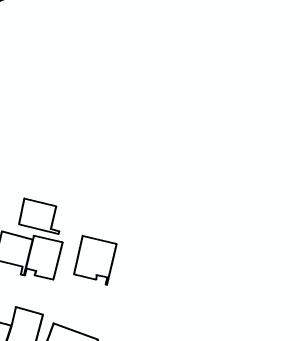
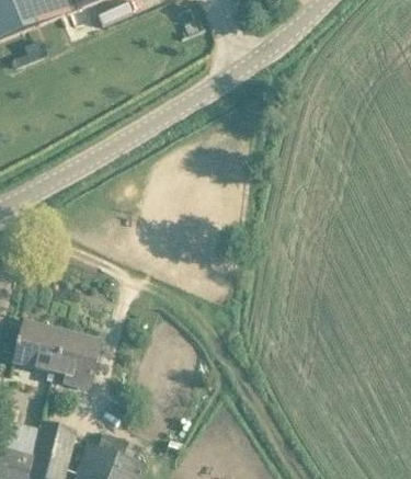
building: [19,198,59,234] -> none
building: [74,236,117,285] -> none

